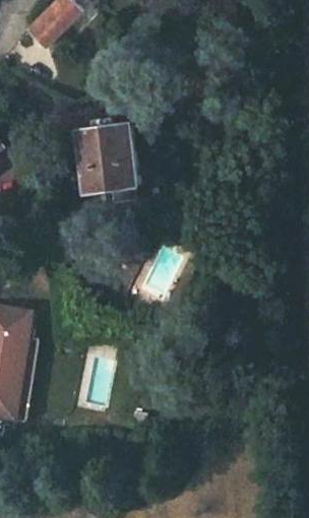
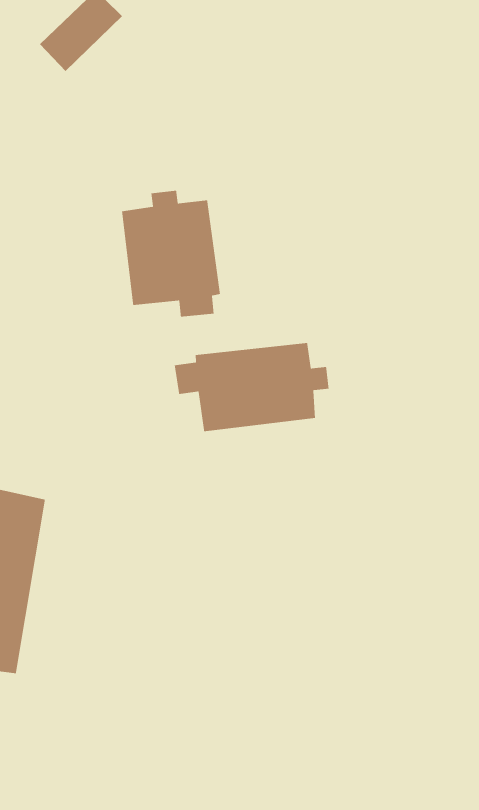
building: none -> [174,342,330,432]

